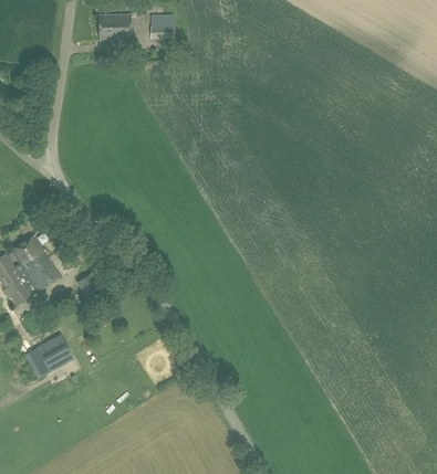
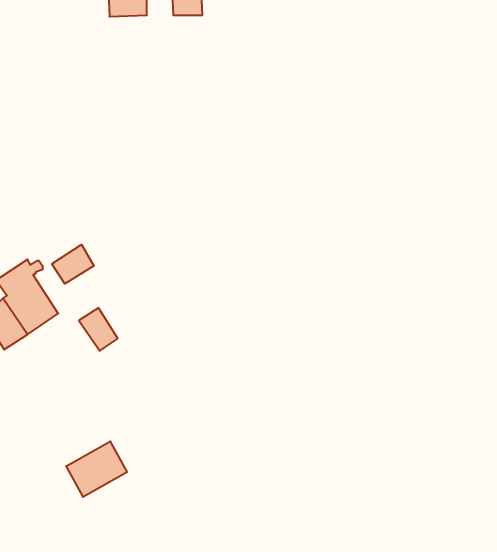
building: none -> [52,245,94,284]
building: [25,335,74,379] -> [66,441,127,497]

